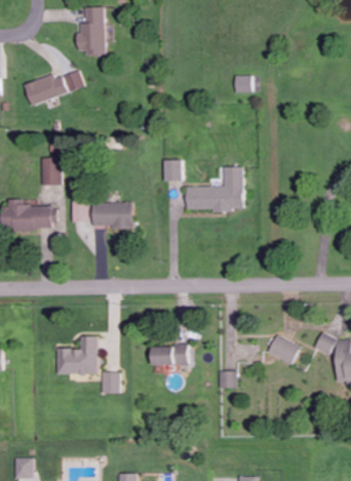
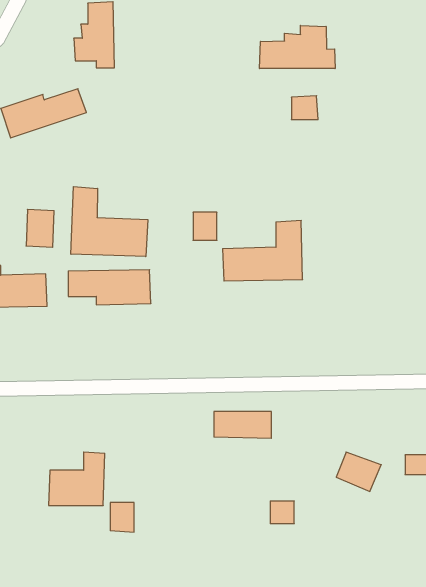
building: none -> [260,25,335,69]
building: none -> [71,187,148,257]
building: [150,346,192,365] -> [214,412,271,438]

